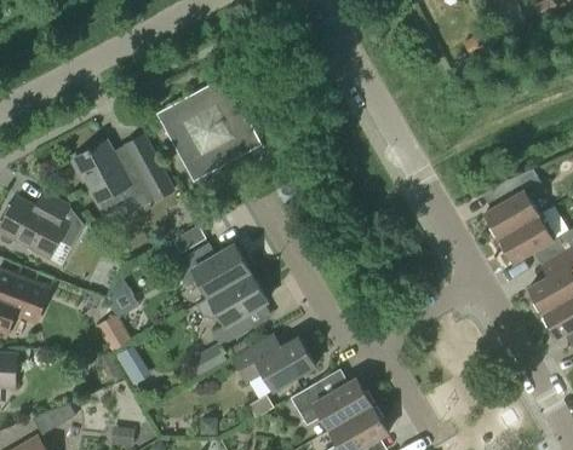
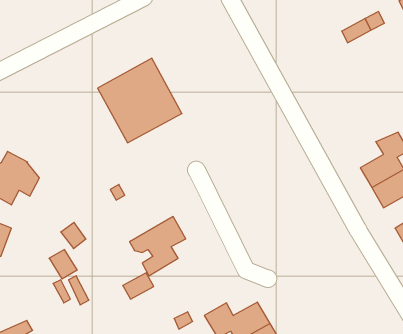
building: [74,135,173,213] -> none
building: [172,246,251,305] -> none
building: [234,338,315,390] -> none

